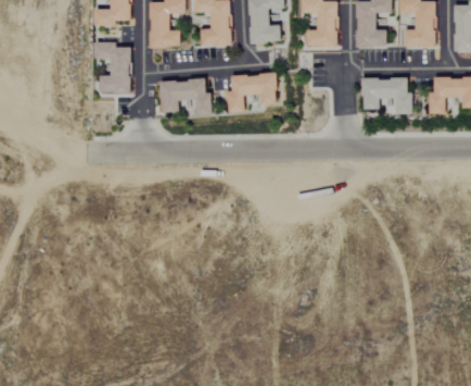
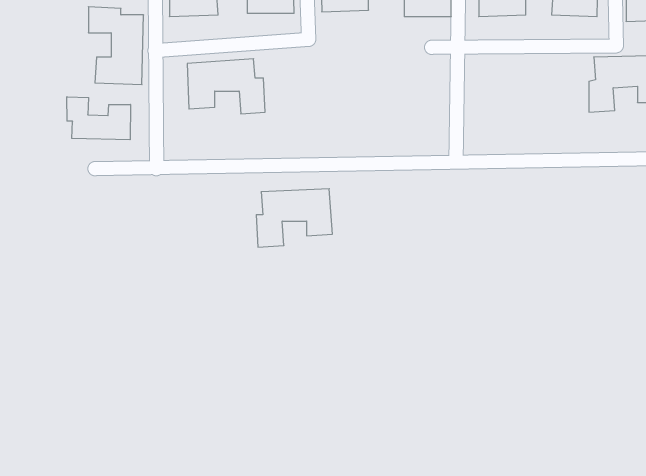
building: [227,72,278,111] -> [256,189,332,247]
building: [361,76,412,113] -> none
building: none -> [67,97,130,140]

